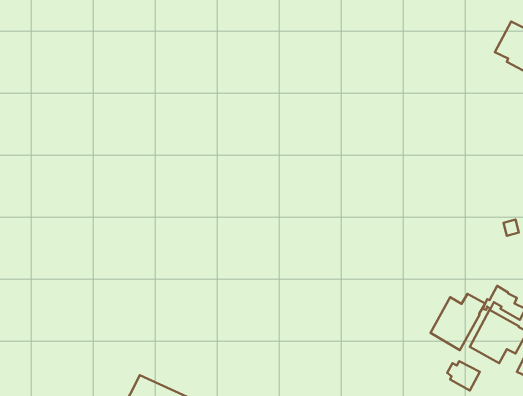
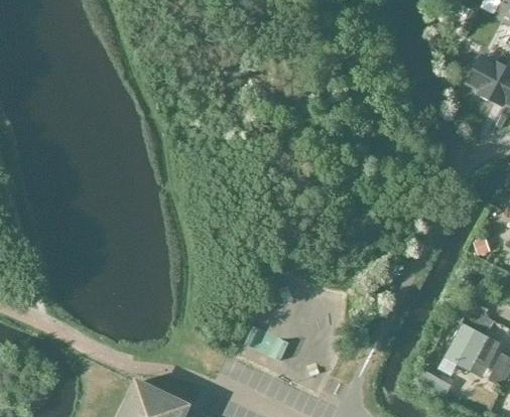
building: [430,294,485,350] -> none

